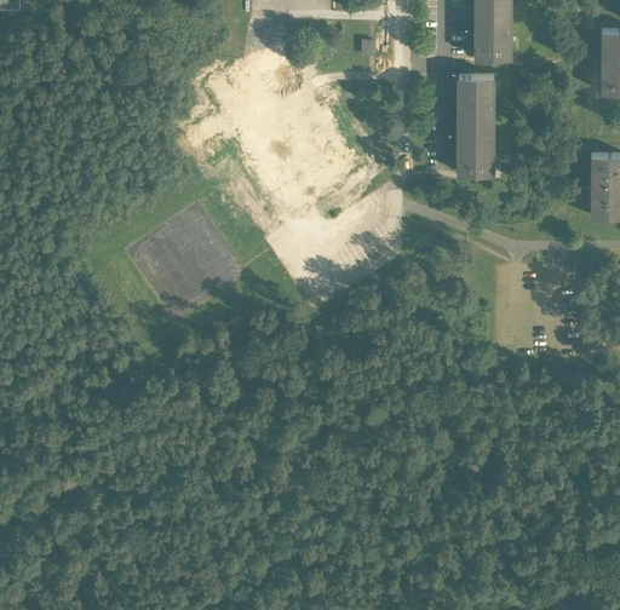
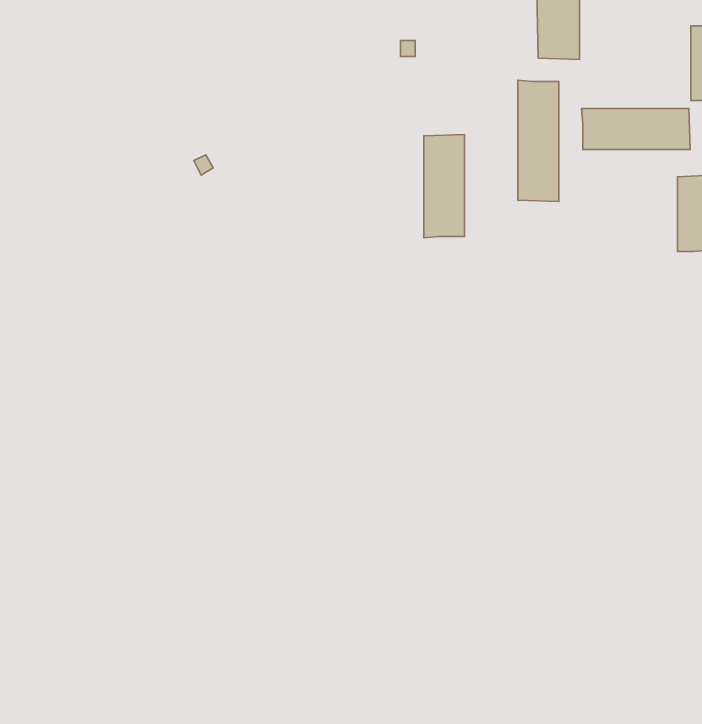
building: none -> [582,109,690,150]
building: none -> [424,135,465,238]

